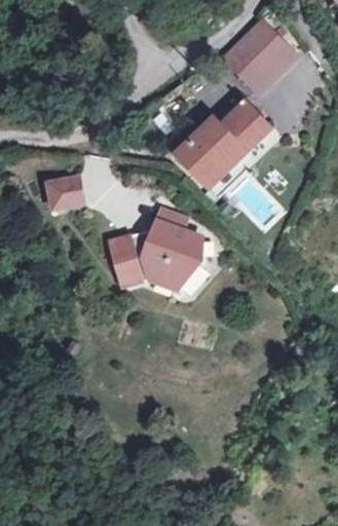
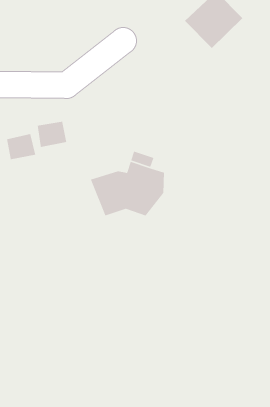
building: [177,97,267,186] -> none
building: none -> [6,133,36,160]

